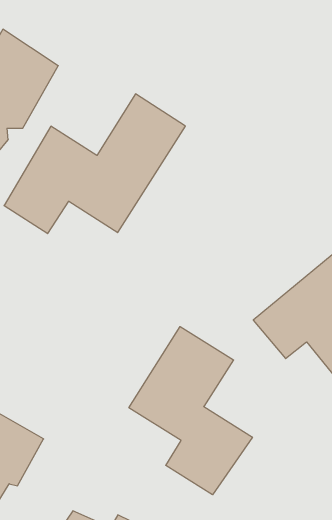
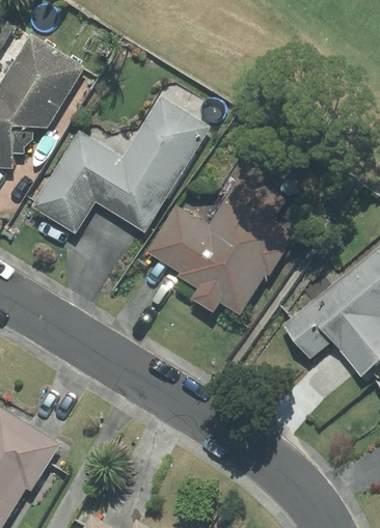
building: none -> [145,173,291,317]
building: [129,327,252,495] -> none

